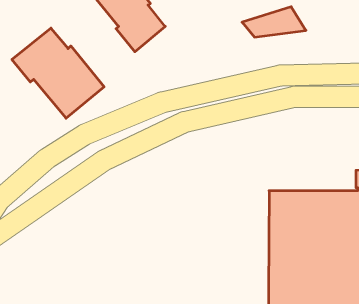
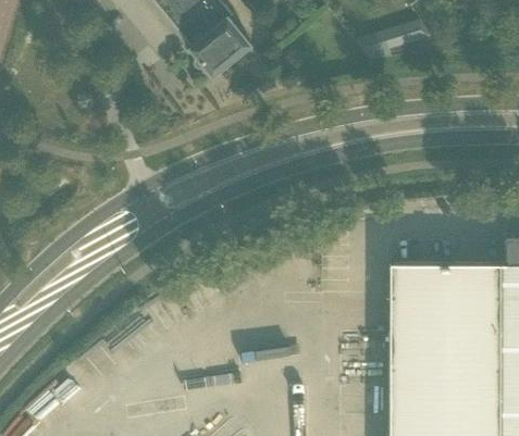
building: [12,28,104,118] -> none

